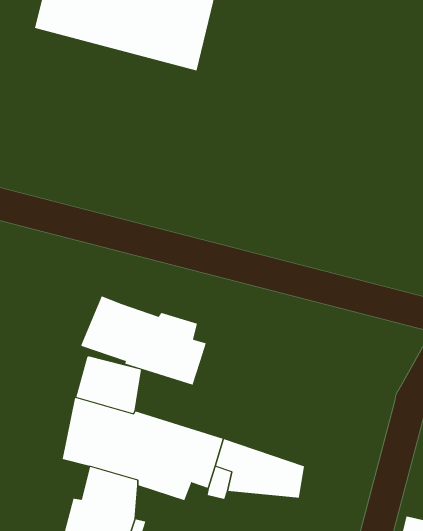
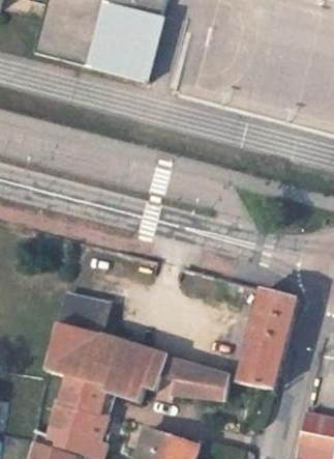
building: [81,296,206,385] -> none
building: none -> [241,289,298,390]

